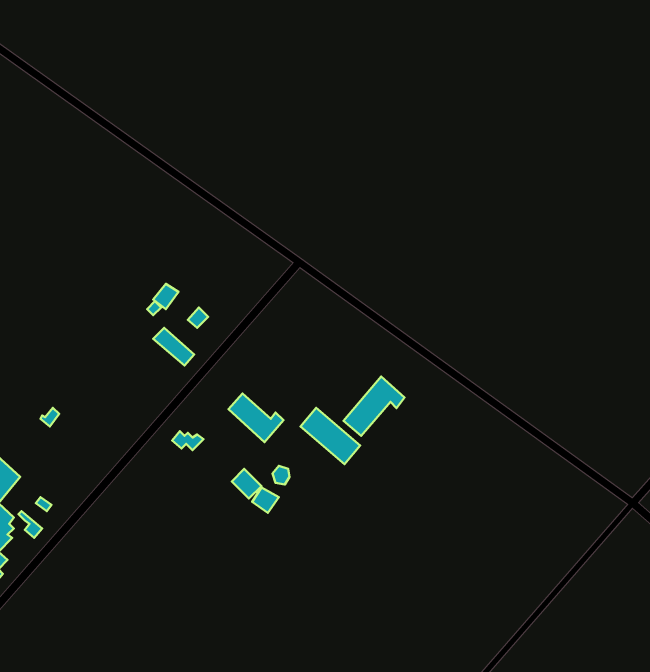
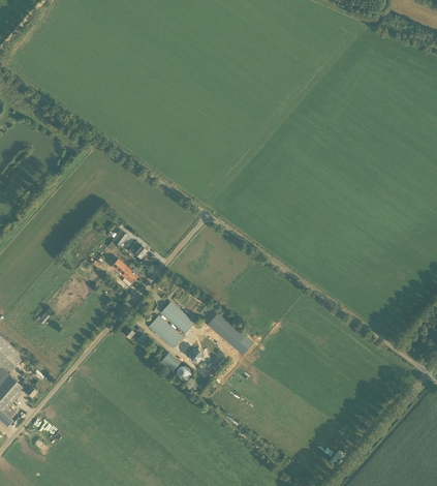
building: [344,376,405,436] -> none
building: none -> [146,314,180,346]

